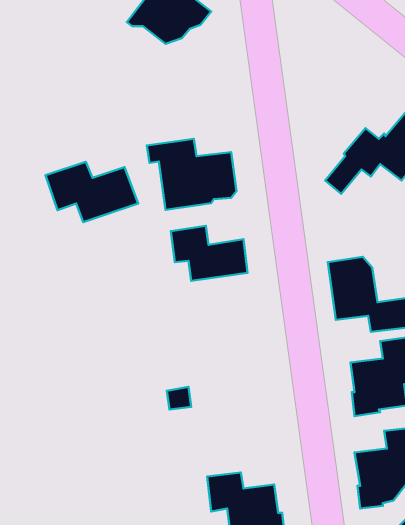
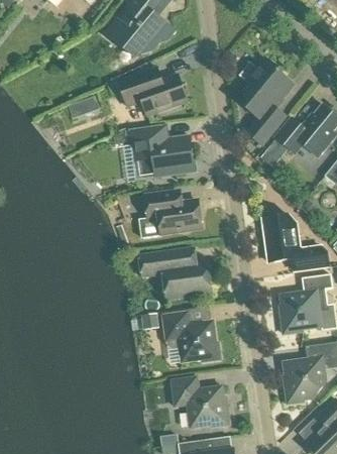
building: none -> [239,58,293,146]
building: [45,162,138,222] -> [118,70,188,115]
building: none -> [138,246,212,300]
building: none -> [162,311,221,362]

